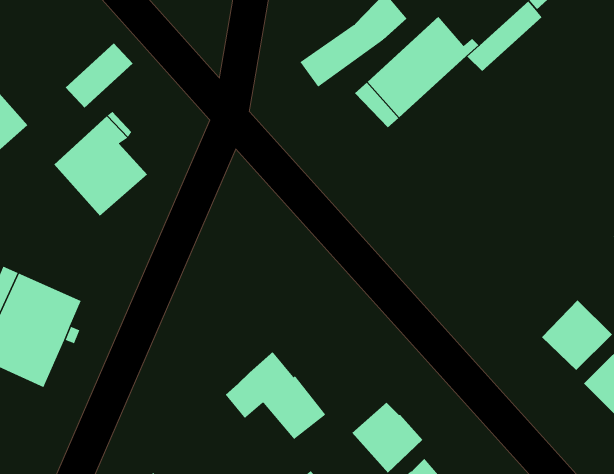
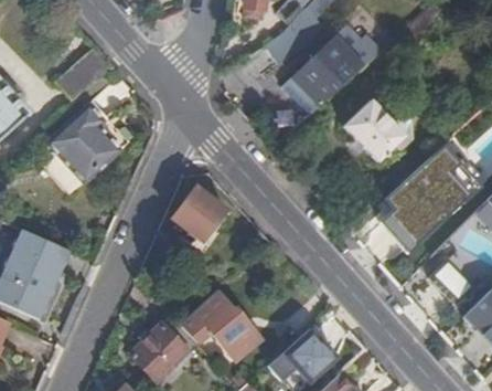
building: none -> [343,99,404,161]
building: none -> [378,146,478,254]
building: none -> [173,188,226,256]
building: none -> [131,313,196,381]

